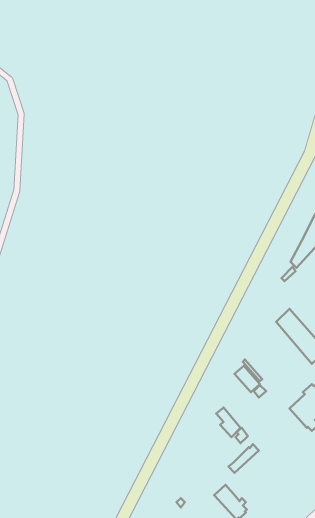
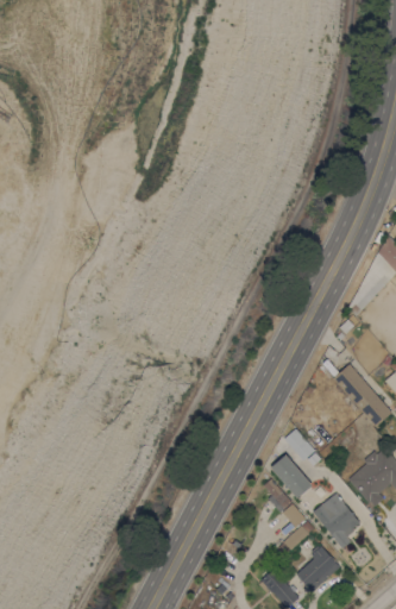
building: none -> [271,454,313,498]
building: none -> [314,492,362,548]
building: none -> [297,545,340,591]

